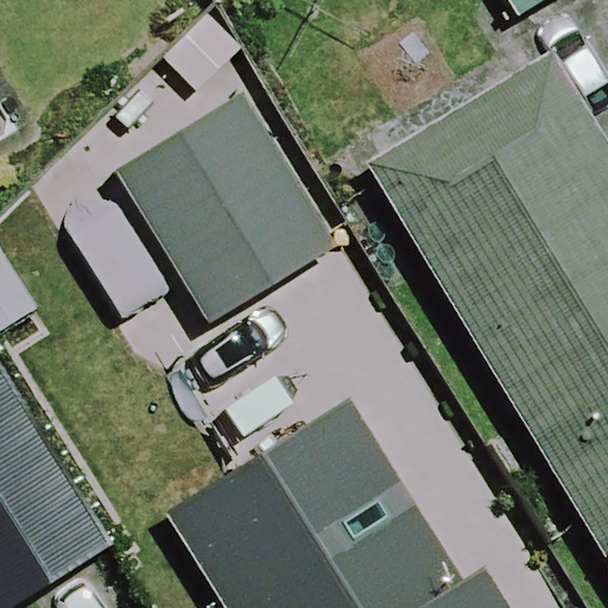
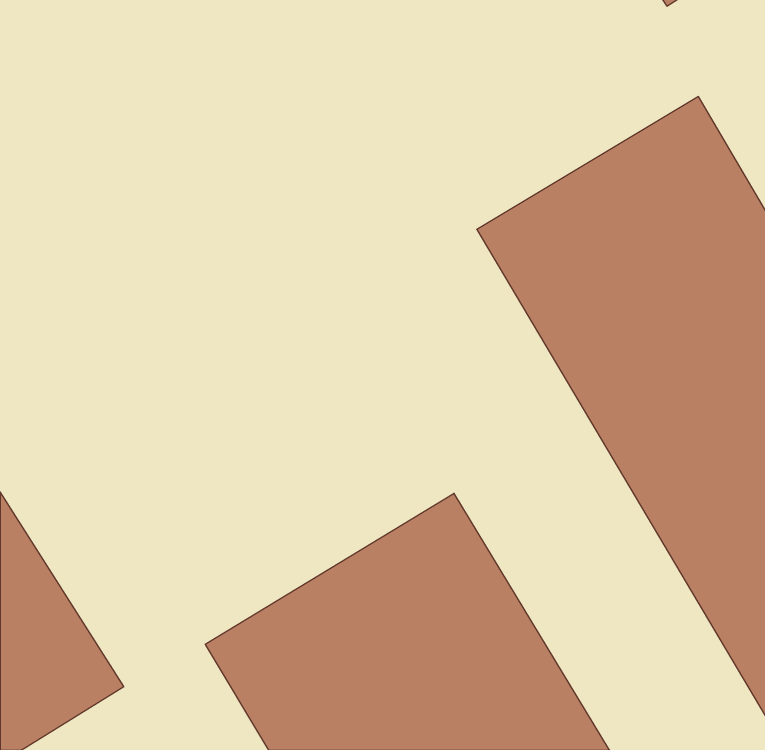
building: [115,97,335,332] -> none

